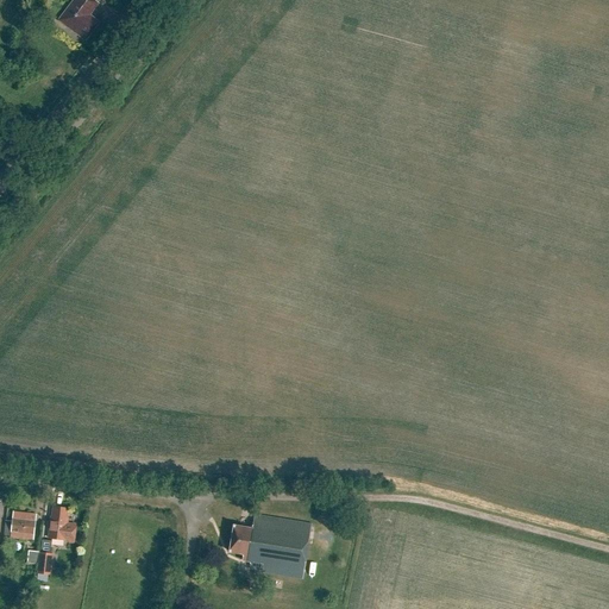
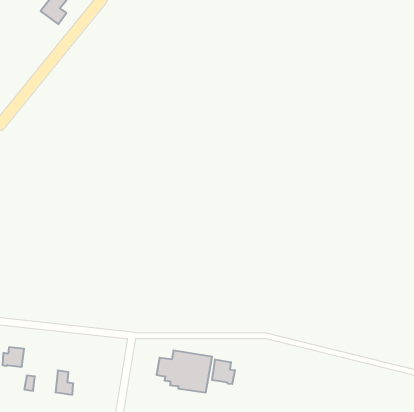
building: [49,506,75,541] -> [55,370,73,395]
building: none -> [212,359,235,384]

